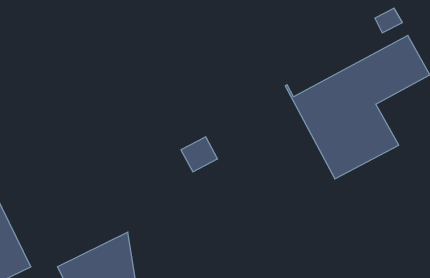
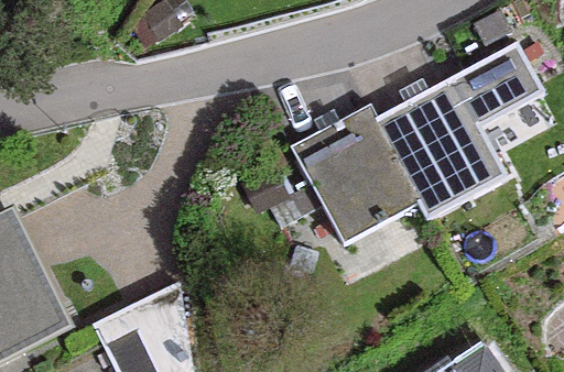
building: none -> [290,105,426,243]

